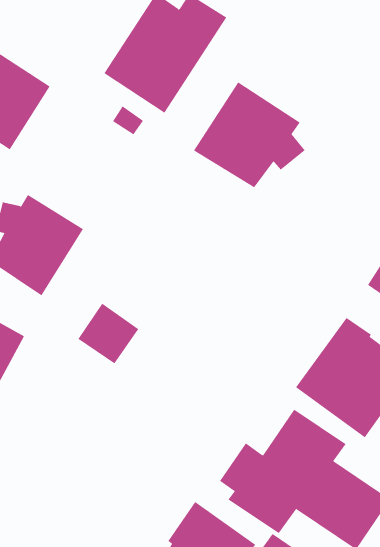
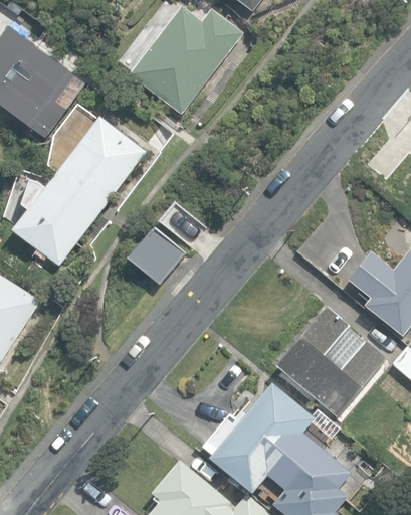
building: [193,81,305,188] -> none
building: none -> [53,115,147,210]
building: [78,303,139,364] -> [128,227,183,283]

